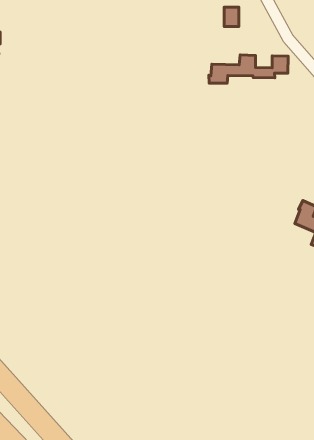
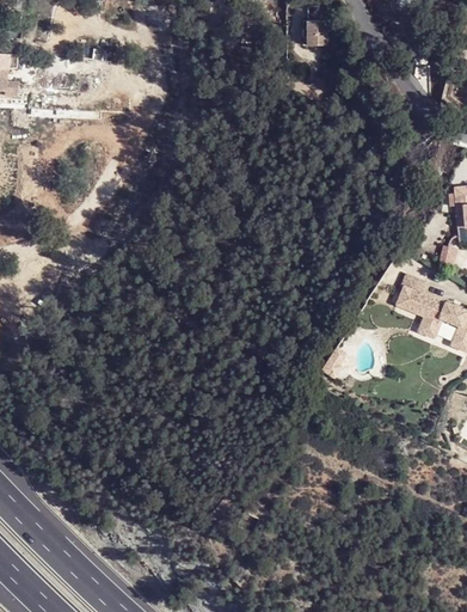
building: [209,55,288,83] -> none

